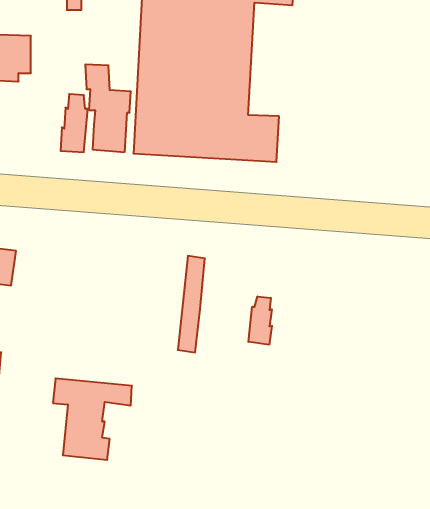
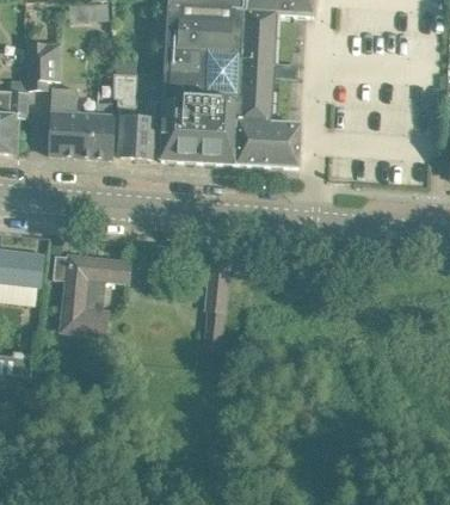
building: none -> [48,87,92,156]
building: [248,296,272,345] -> none
building: [53,378,132,460] -> [51,254,128,333]

